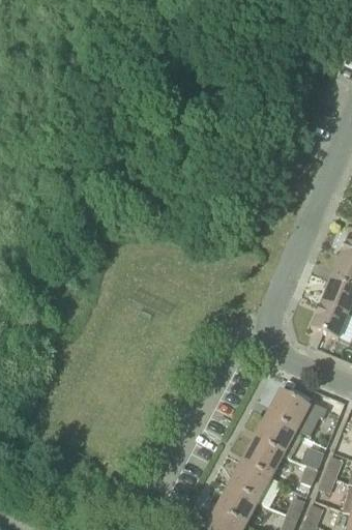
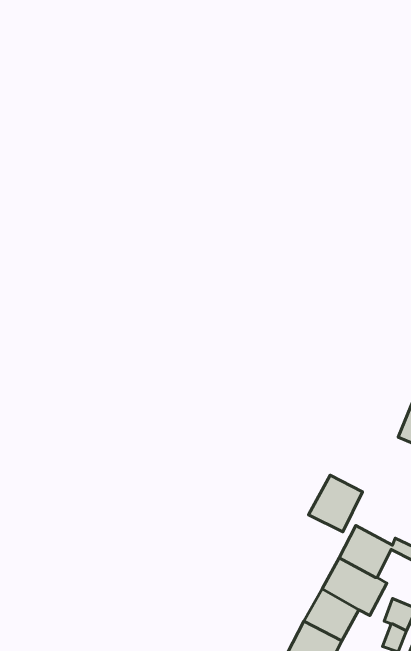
building: none -> [309,475,362,532]

